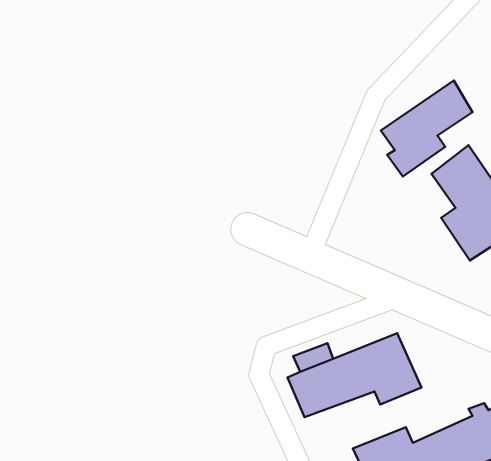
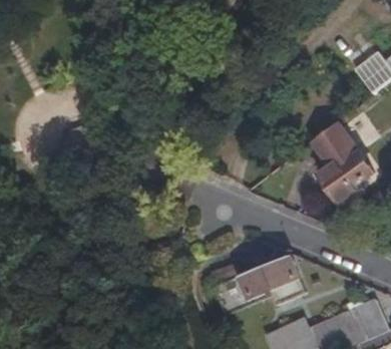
building: [381,80,473,176] -> none

